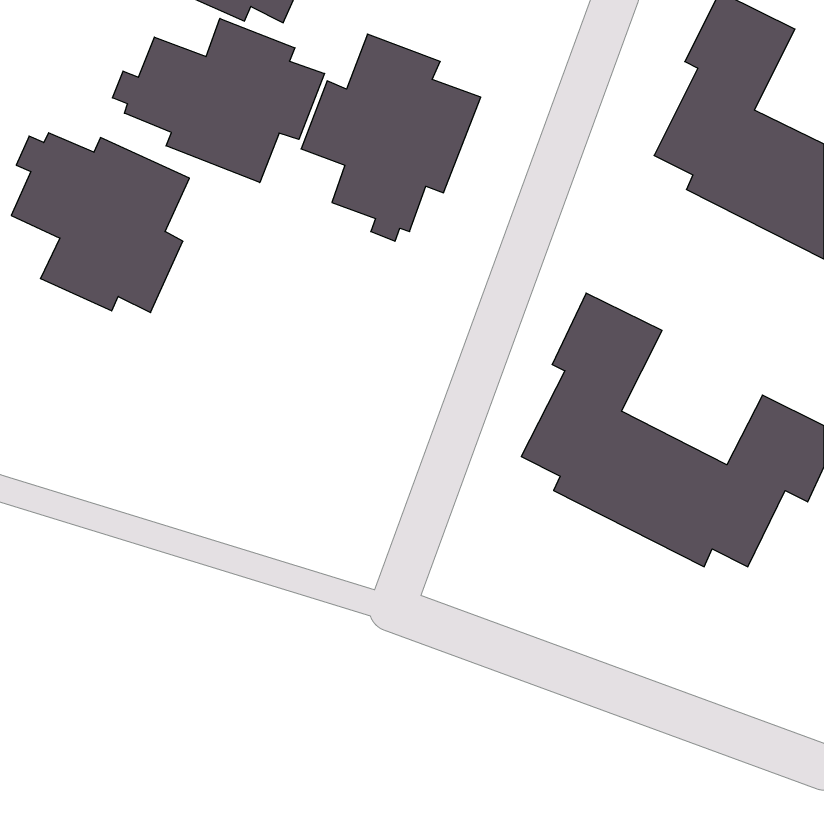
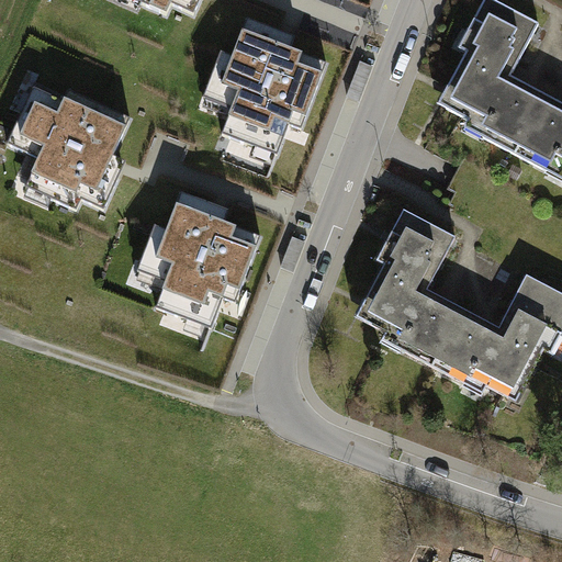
building: [112,18,325,183] -> none
building: none -> [137,196,259,338]

